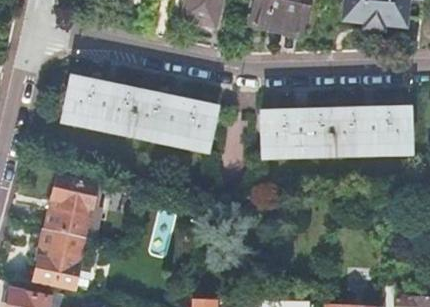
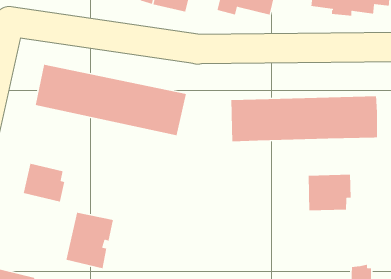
building: none -> [308,174,352,211]
building: [35,230,84,288] -> [66,212,114,269]

